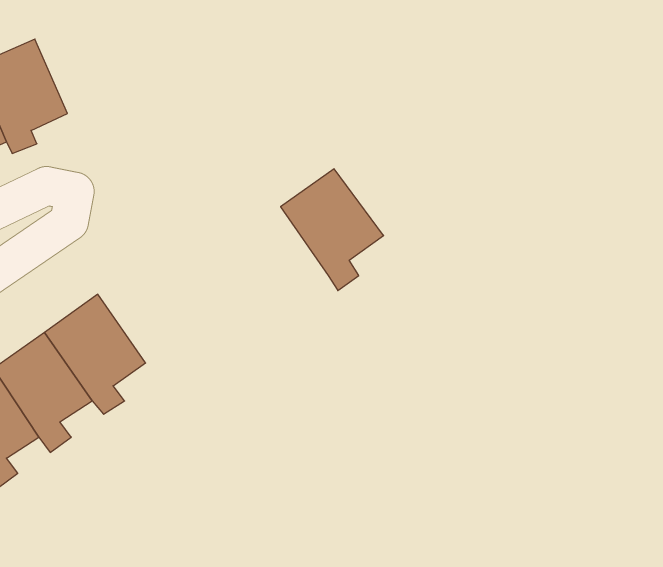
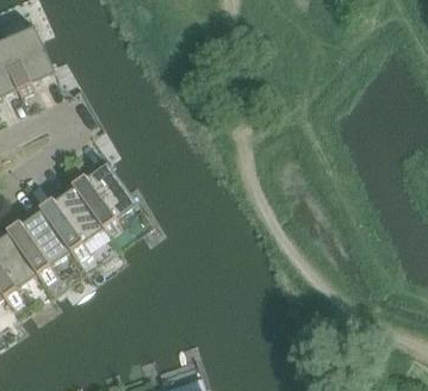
building: [281,169,384,291] -> [70,161,135,237]

